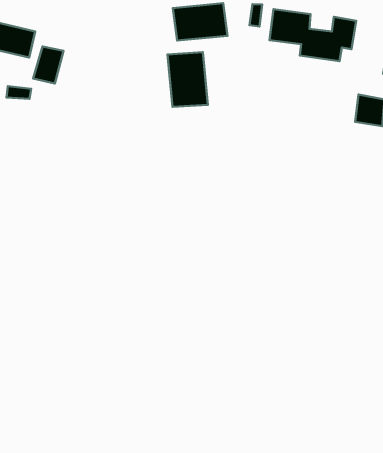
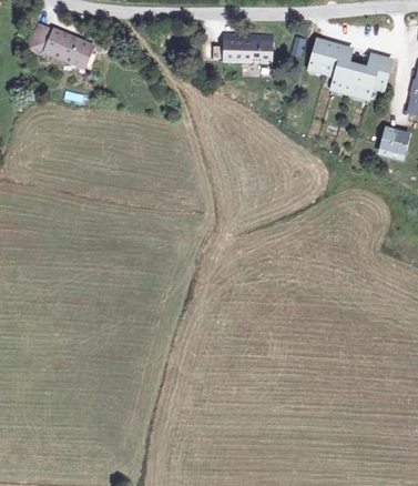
building: [33,46,64,83] -> none
building: [167,52,208,107] -> none

